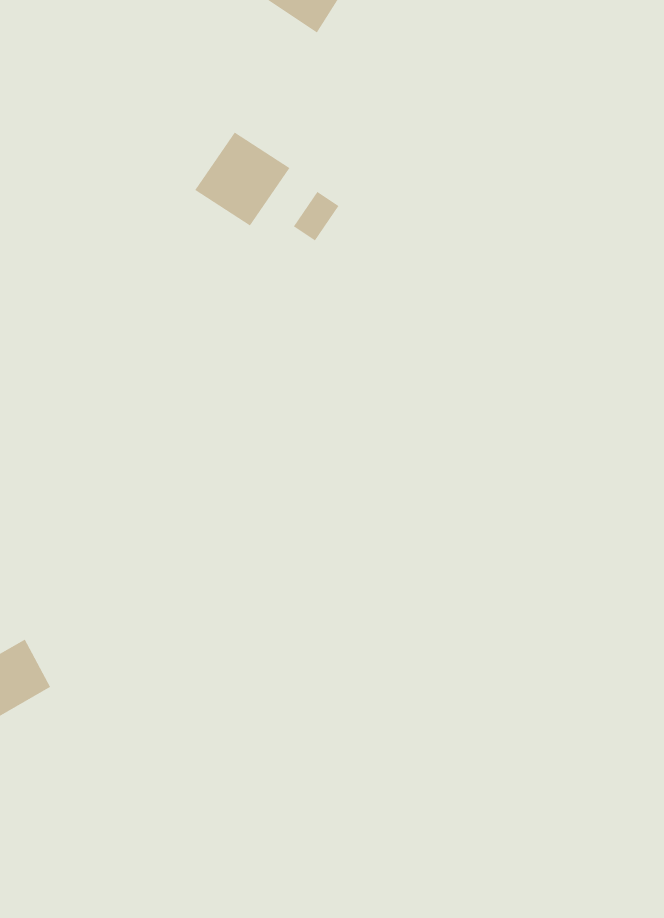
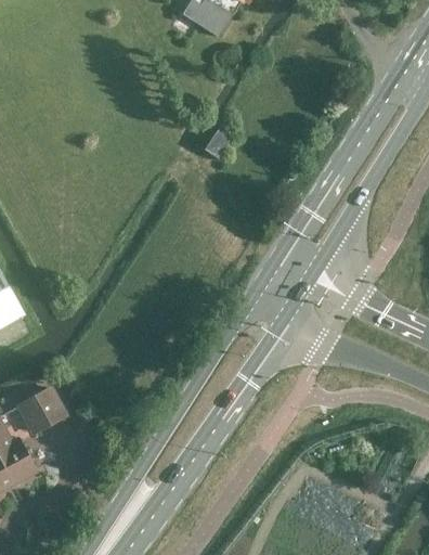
building: [194,132,290,227] -> none

